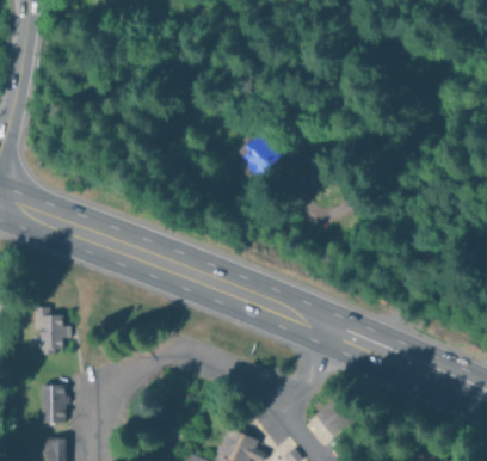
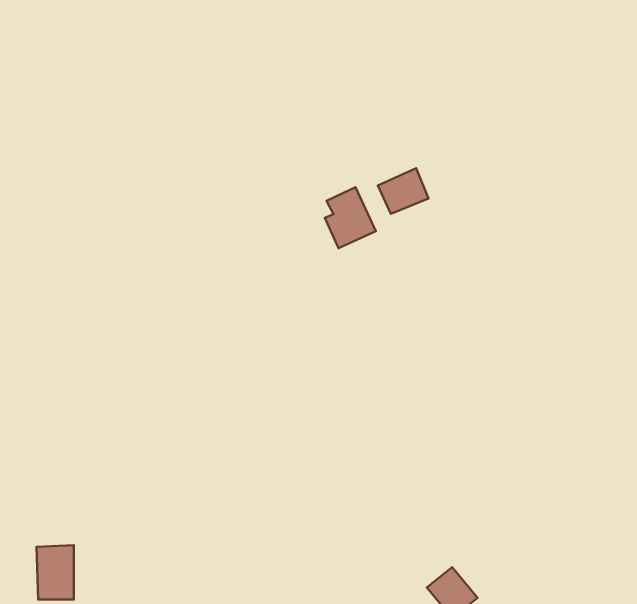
building: none -> [378,168,428,214]
building: [36,307,70,351] -> none

